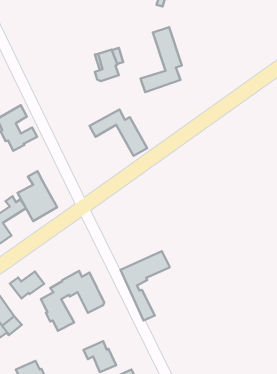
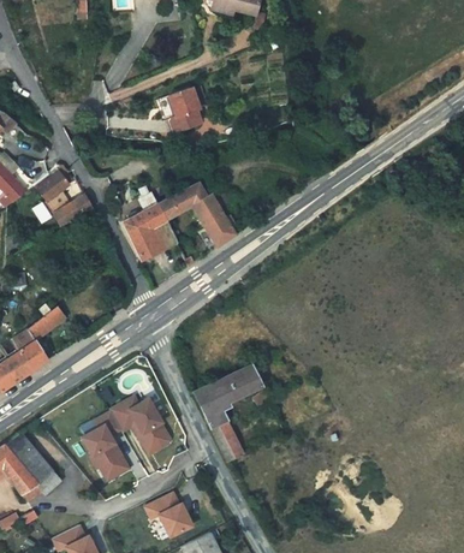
building: [141,27,182,92] -> none
building: [18,171,57,221] -> [121,185,177,255]
building: [10,271,44,299] -> none

